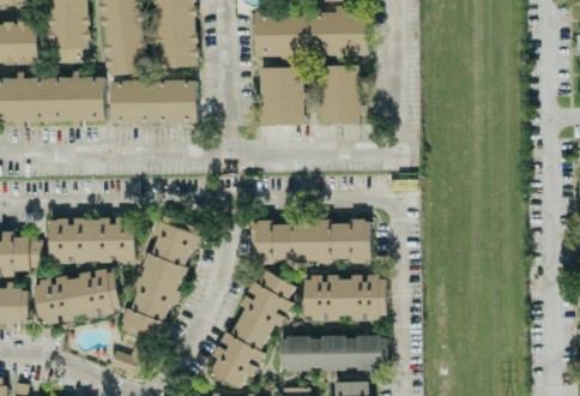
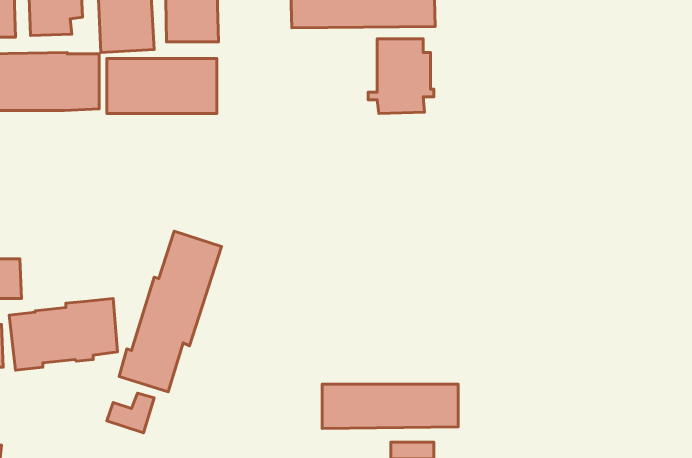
building: [258,67,304,125] -> none
building: [49,217,135,262] -> none
building: [250,220,370,263] -> none
building: [204,270,295,388] -> none
building: [303,274,386,320] -> none

